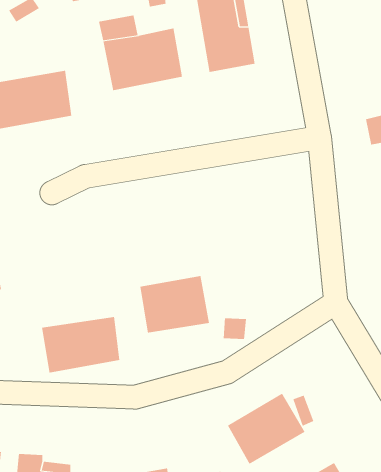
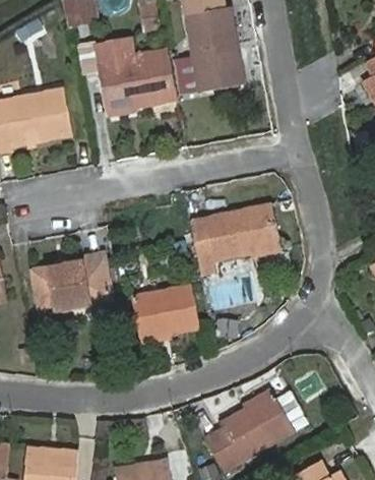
building: none -> [191,205,282,274]
building: [41,317,120,373] -> [34,259,108,312]

